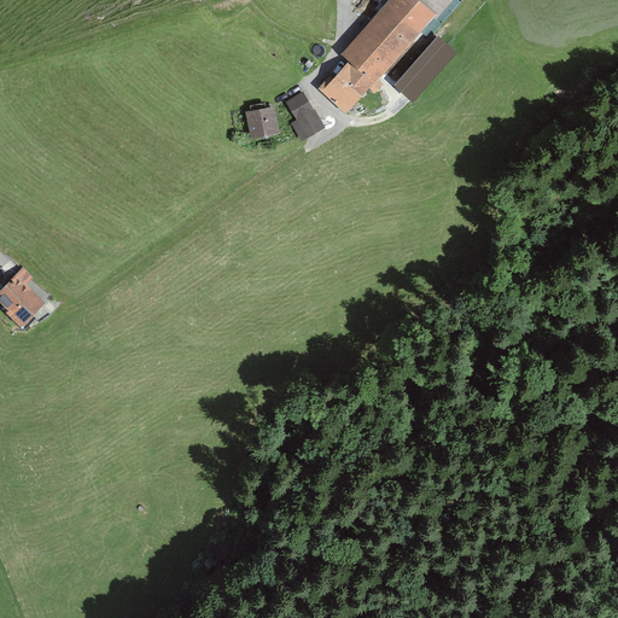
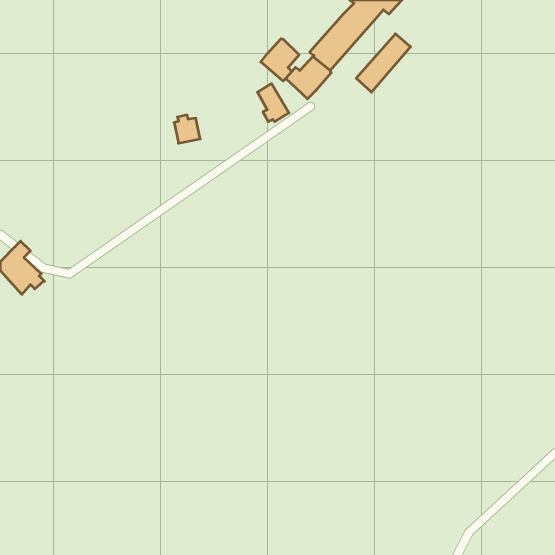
building: none -> [261,39,299,81]
building: [246,104,275,135] -> [174,115,200,143]

